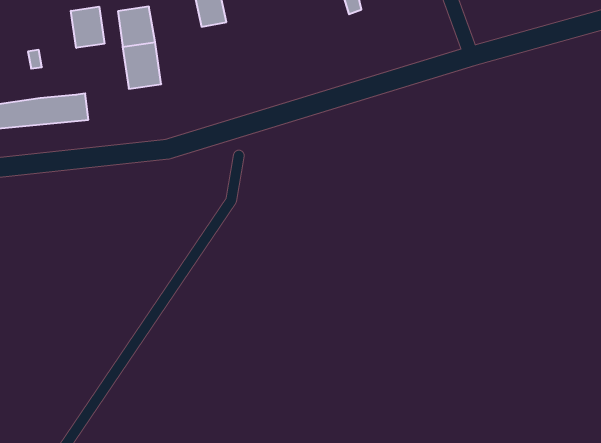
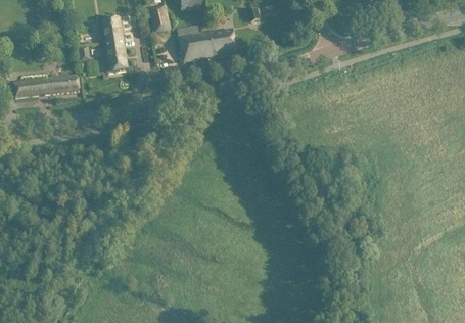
building: [71,7,104,48] -> none
building: none -> [179,28,236,60]

